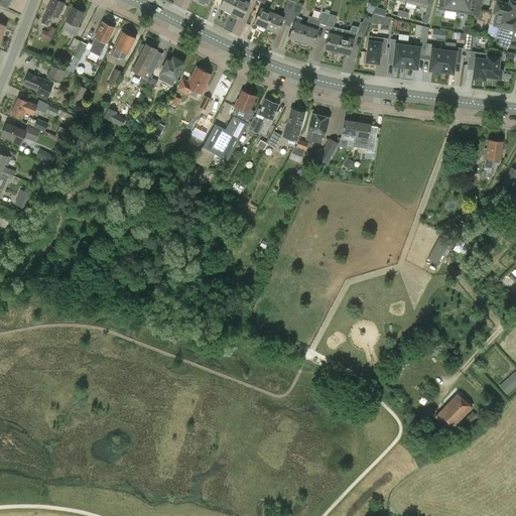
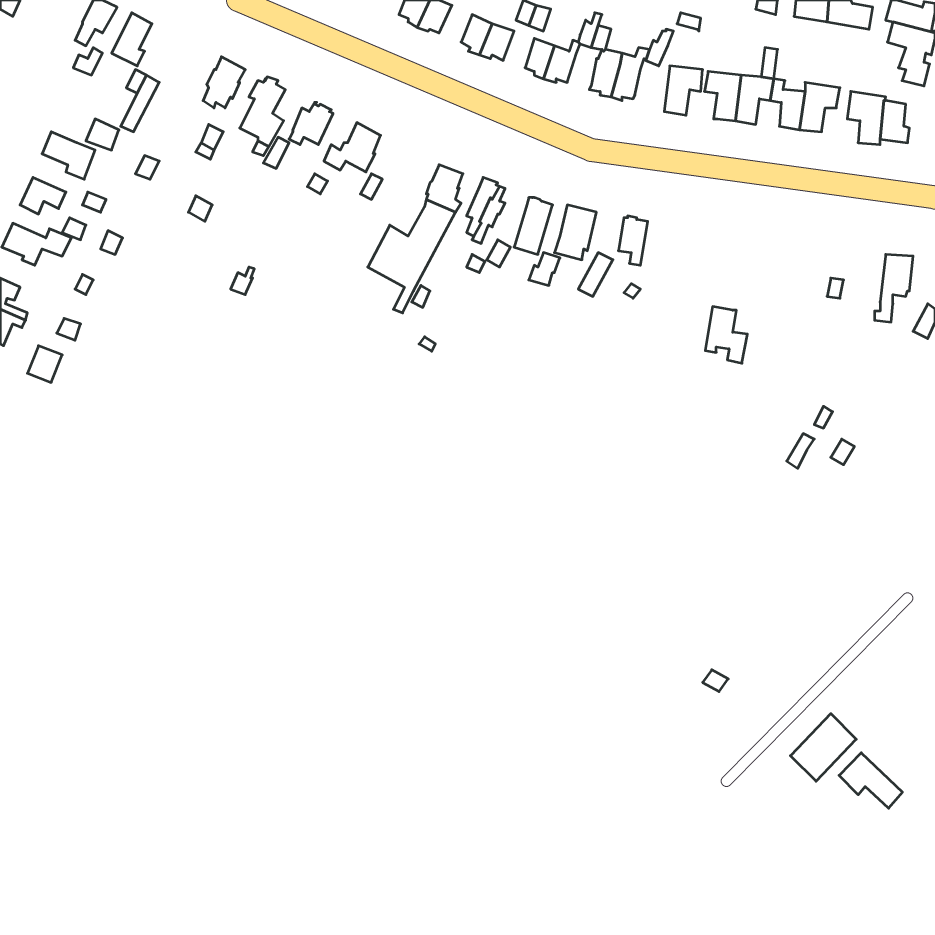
building: [90,22,114,56] -> none
building: [353,122,376,153] -> [705,307,747,363]
building: none -> [839,753,902,808]

